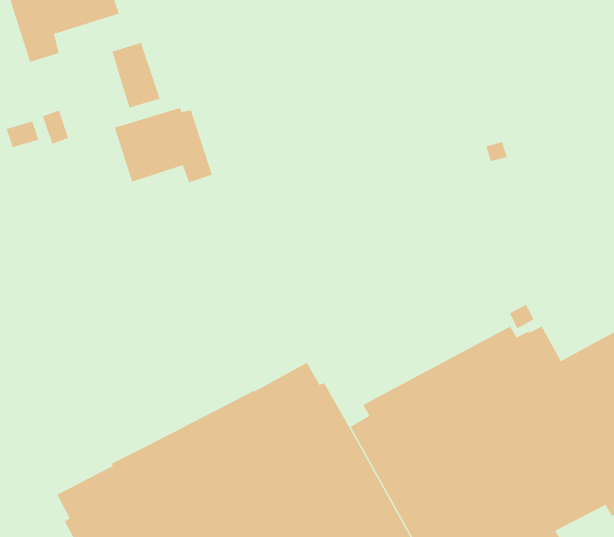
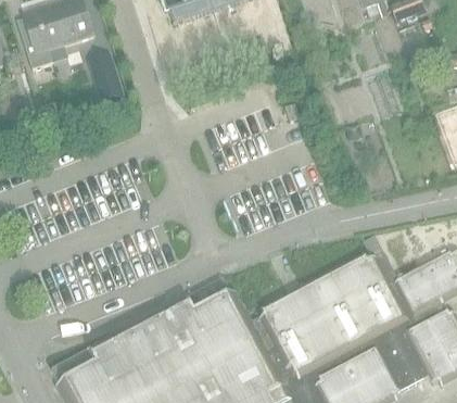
building: [114,107,212,183] -> none

